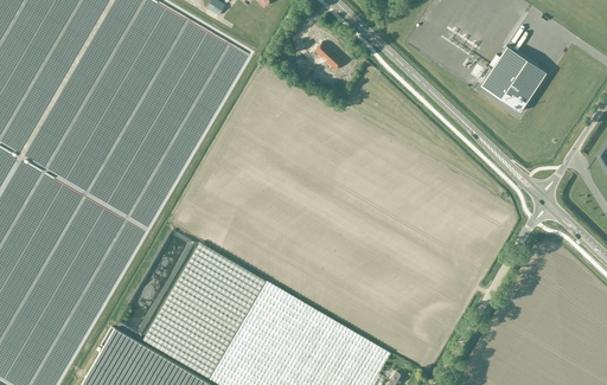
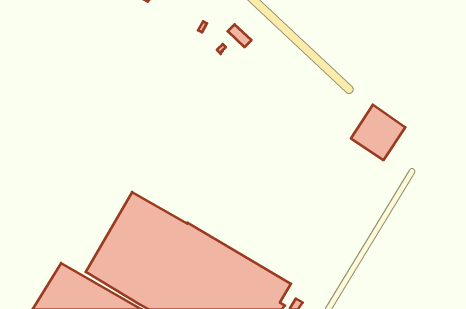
building: [480,45,545,111] -> [351,105,405,160]

